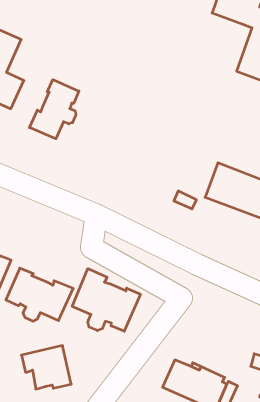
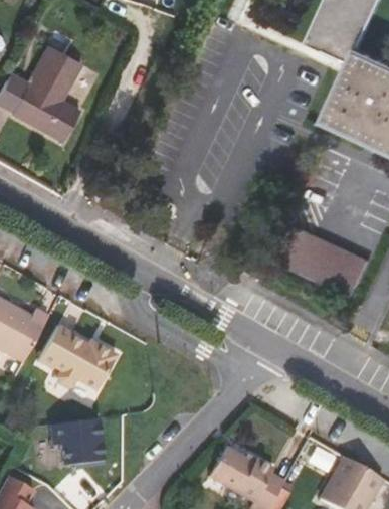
building: [29,80,79,139] -> none
building: [72,269,140,331] -> none

